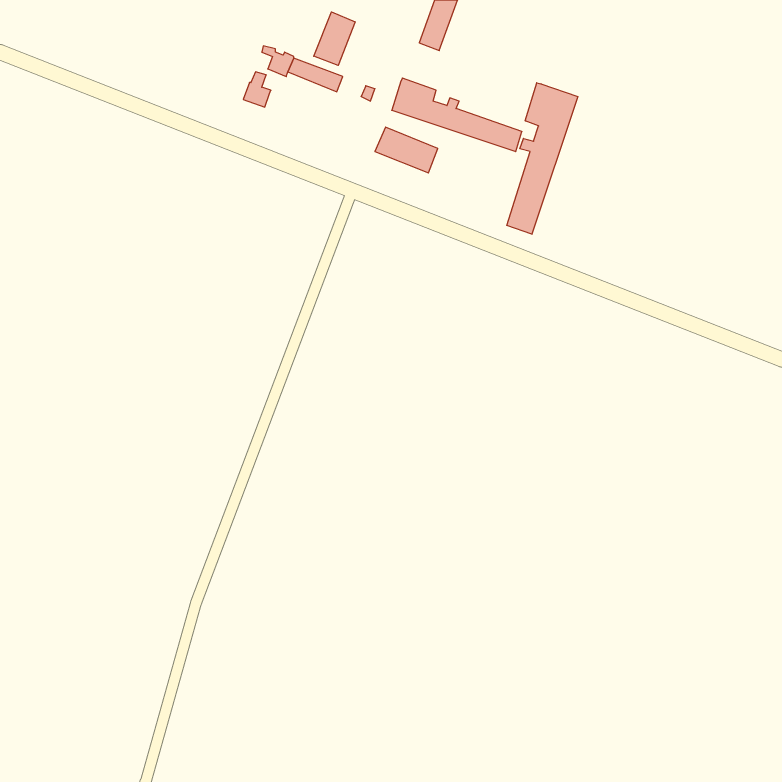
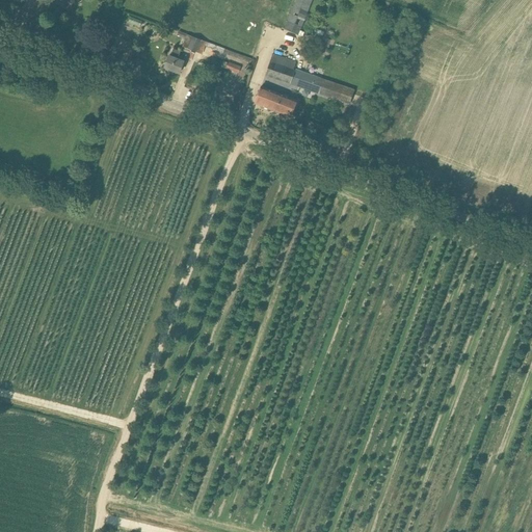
building: [314,12,355,65] -> none
building: [507,83,578,234] -> none

